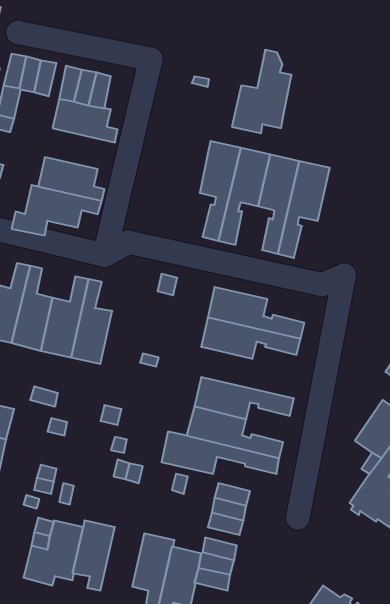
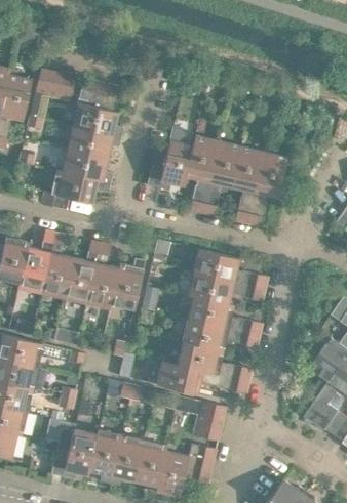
building: [232,50,292,133] -> [147,126,193,191]
building: none -> [67,126,121,158]
building: none -> [111,258,146,308]
building: none -> [188,296,262,335]
building: none -> [110,434,144,486]

